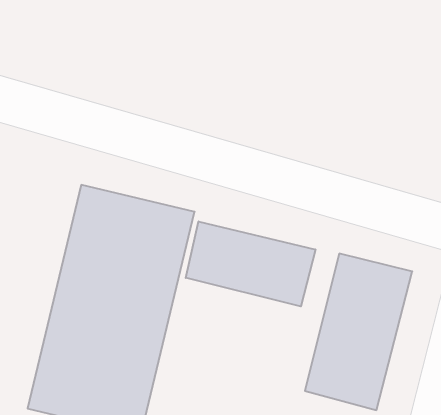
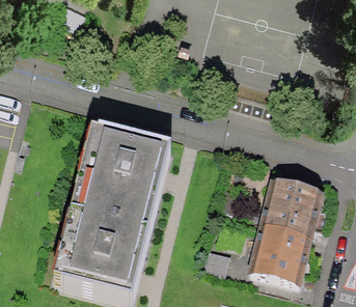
building: [186,221,315,306] -> none

